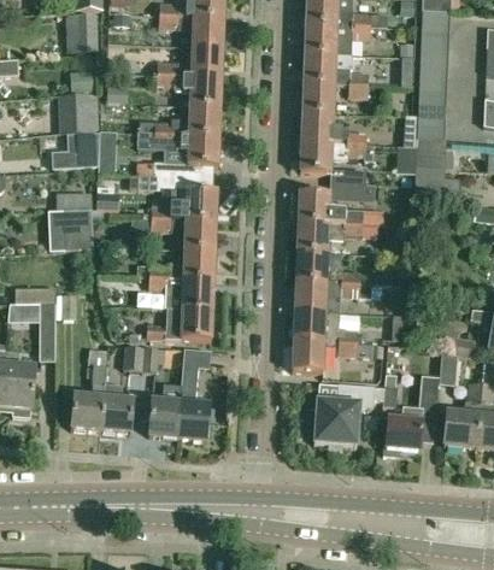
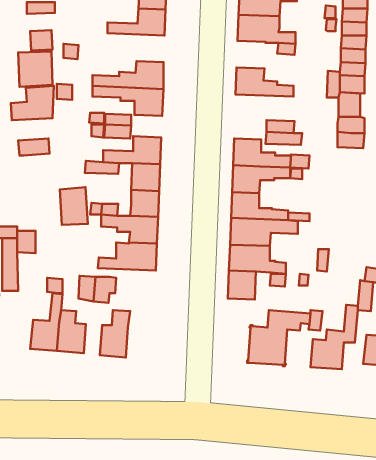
building: [155,74,220,106] -> none
building: [301,82,334,113] -> none
building: [299,142,365,174] -> none
building: [63,208,94,251] -> [60,187,88,225]
building: [177,349,208,440] -> none

